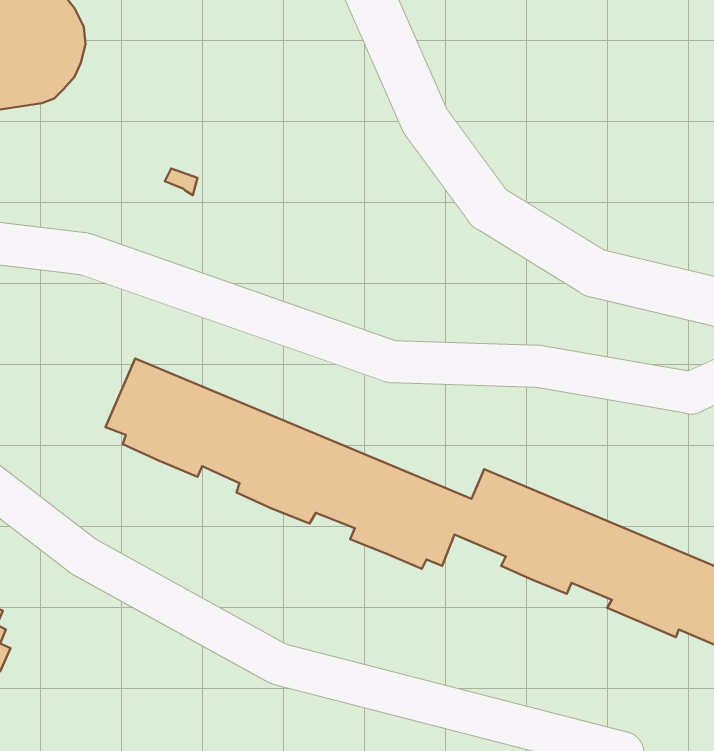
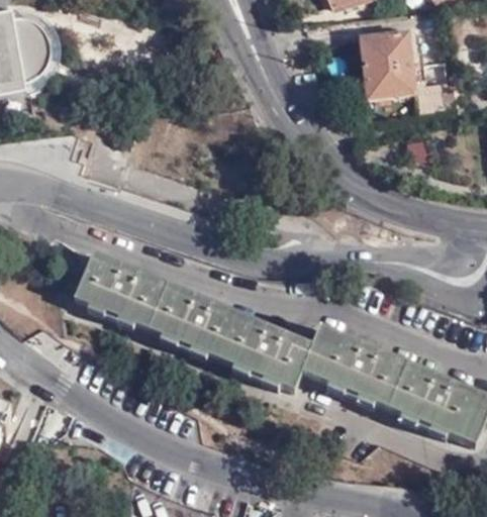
building: none -> [364,30,457,113]

